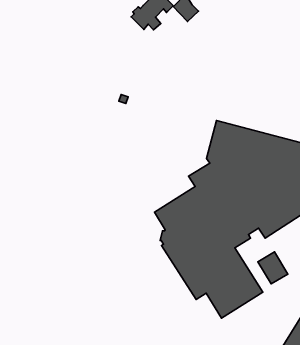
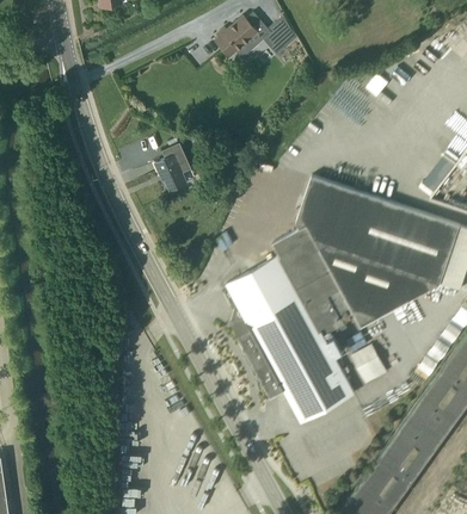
building: none -> [154,153,186,188]

